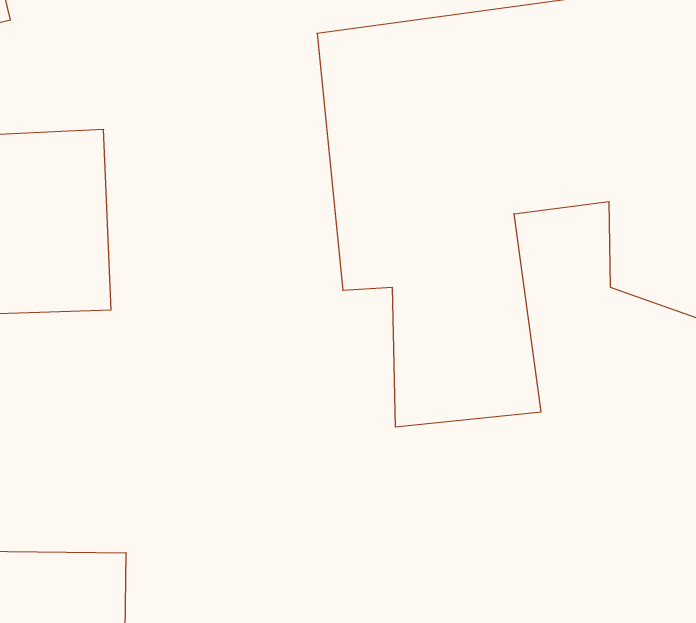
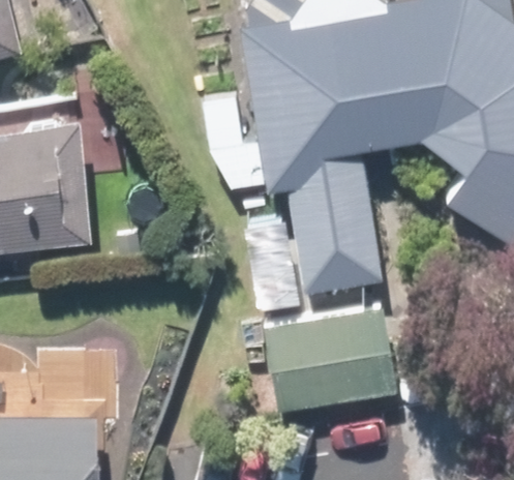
building: none -> [262,311,409,416]

